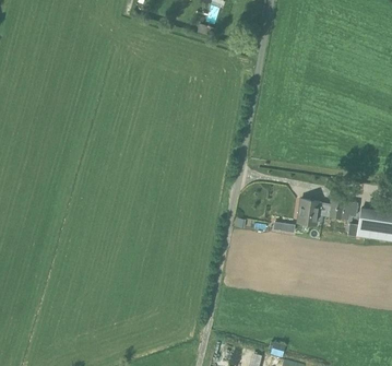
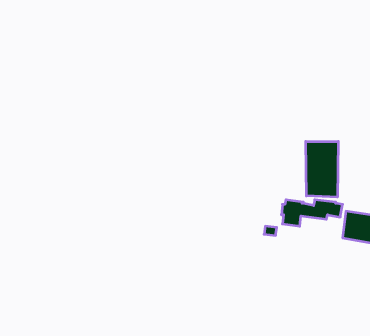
building: none -> [306,141,338,197]

